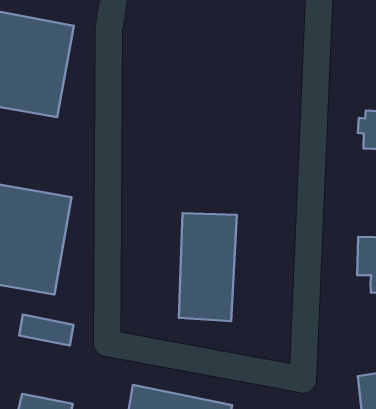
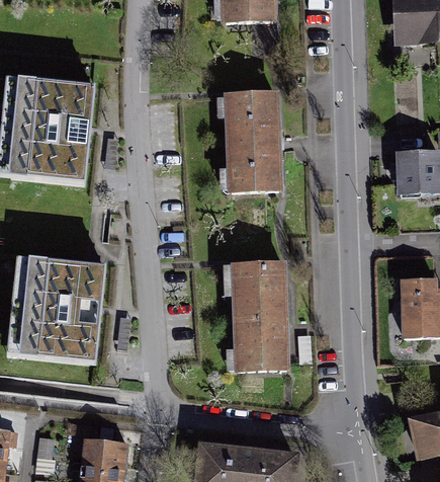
building: none -> [221,94,287,190]
building: [19,314,74,346] -> [81,441,135,469]

